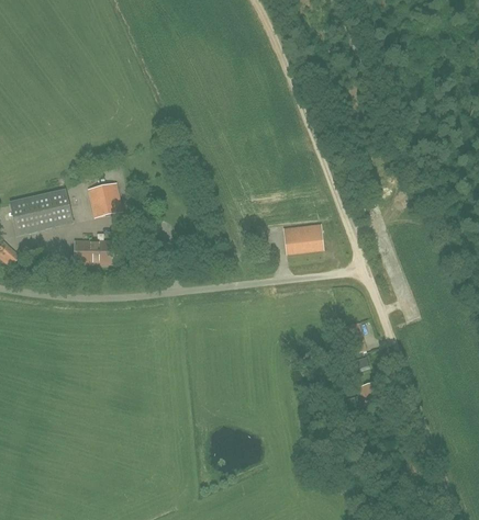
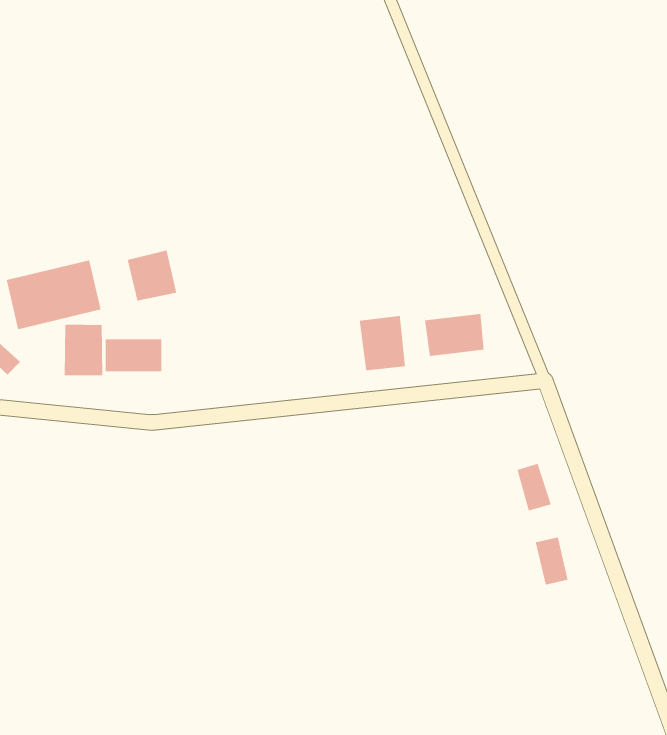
building: none -> [359,315,406,371]
building: none -> [64,324,103,376]

